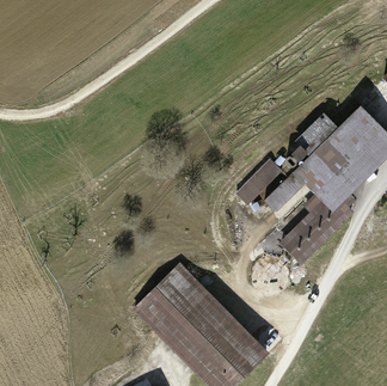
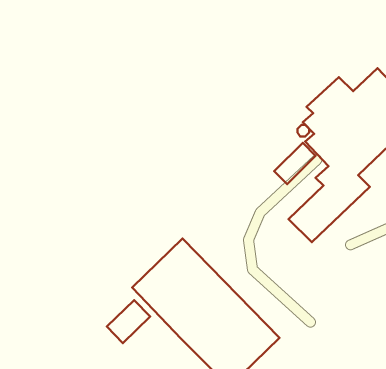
building: [234,157,283,204] -> none
building: none -> [107,300,150,343]

